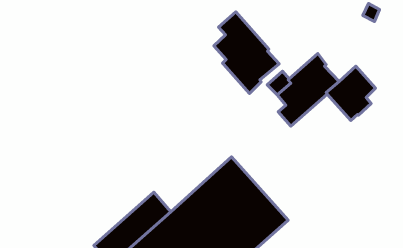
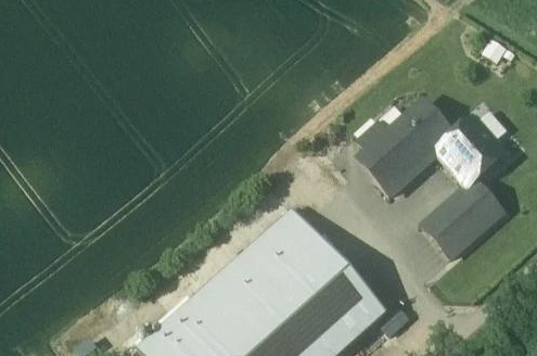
building: [214,12,279,94] -> none
building: none -> [423,177,503,255]
building: none -> [215,206,315,302]

